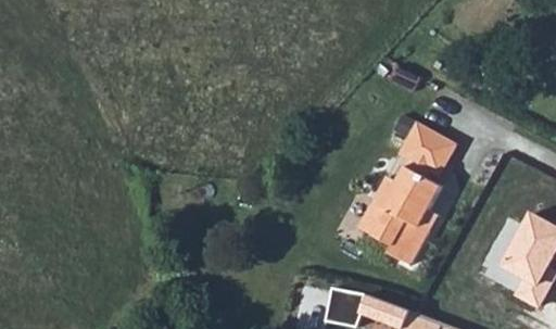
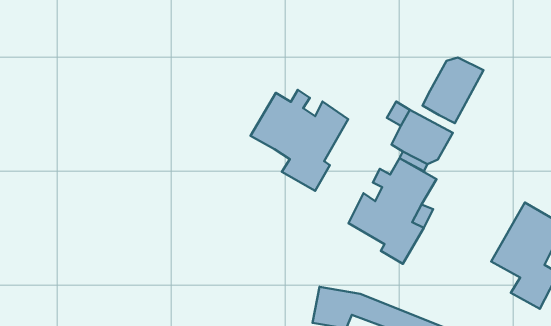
building: none -> [423,57,483,123]
building: none -> [251,90,348,191]

